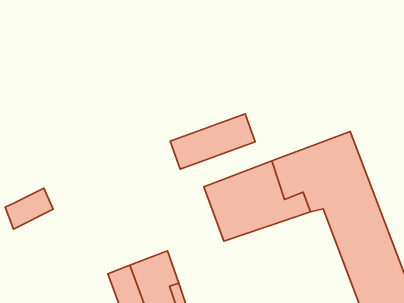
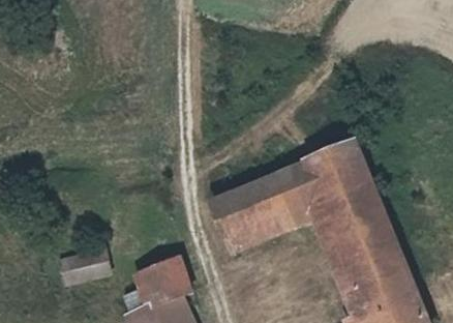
building: [170,114,255,169] -> none
building: [5,188,53,229] -> [57,242,104,283]

